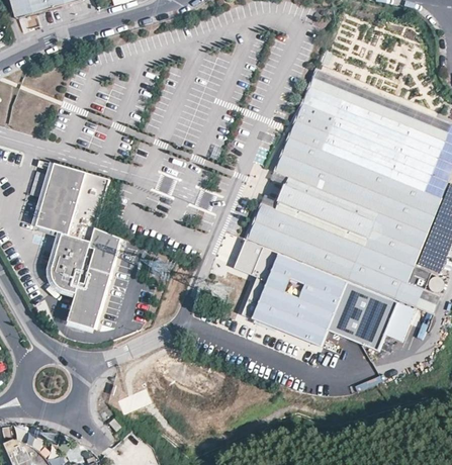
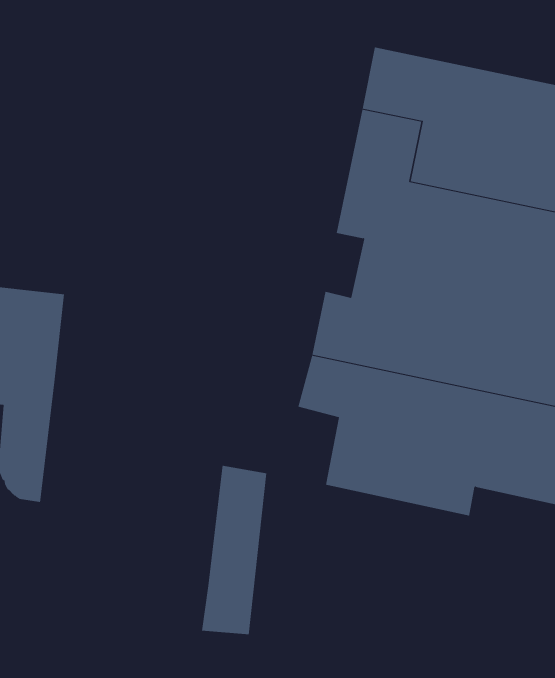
building: [68,227,121,328] -> [201,465,267,635]

